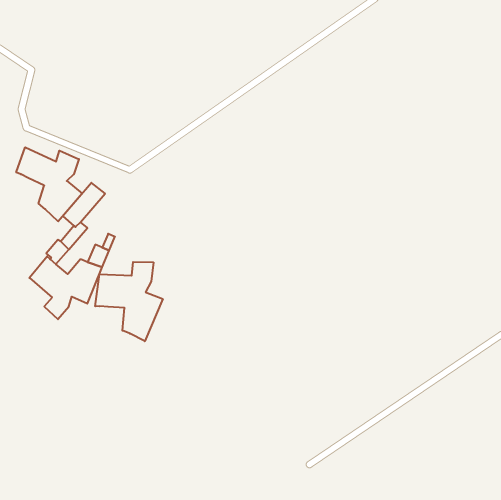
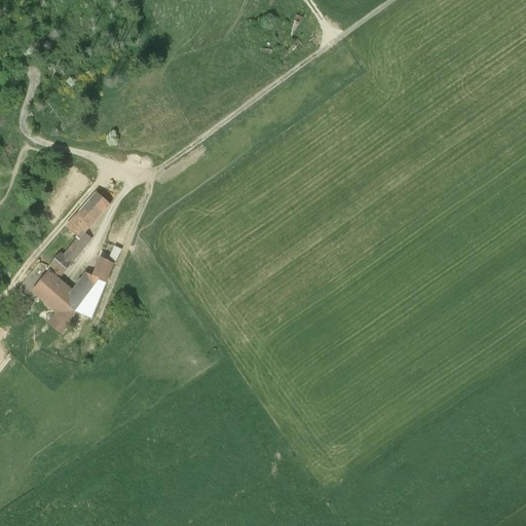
building: [16,147,82,221] -> none
building: [95,262,163,341] -> none

